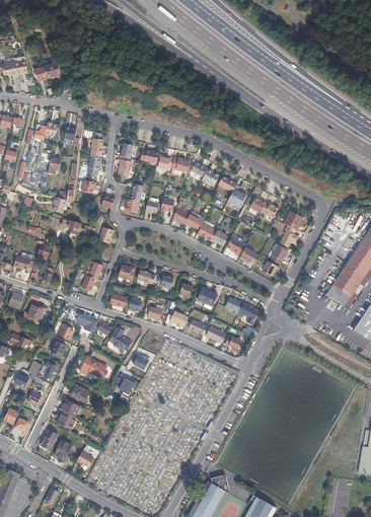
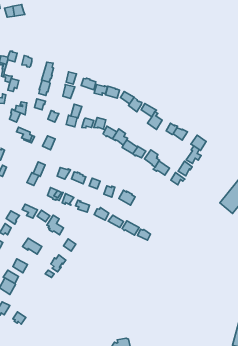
building: [225,297,258,324] -> none

